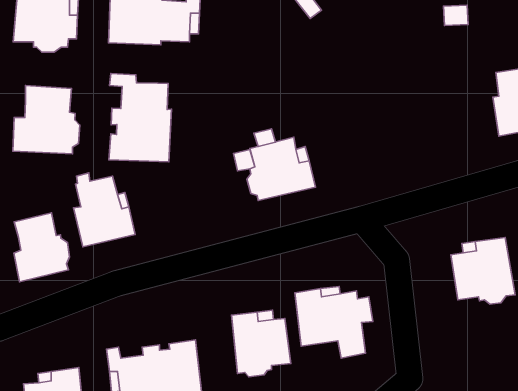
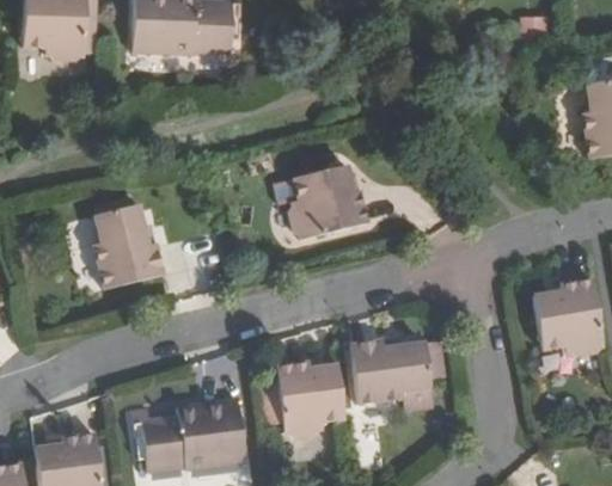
building: [109,73,172,162] -> none
building: [13,85,80,154] -> none
building: [14,213,70,282] -> none

